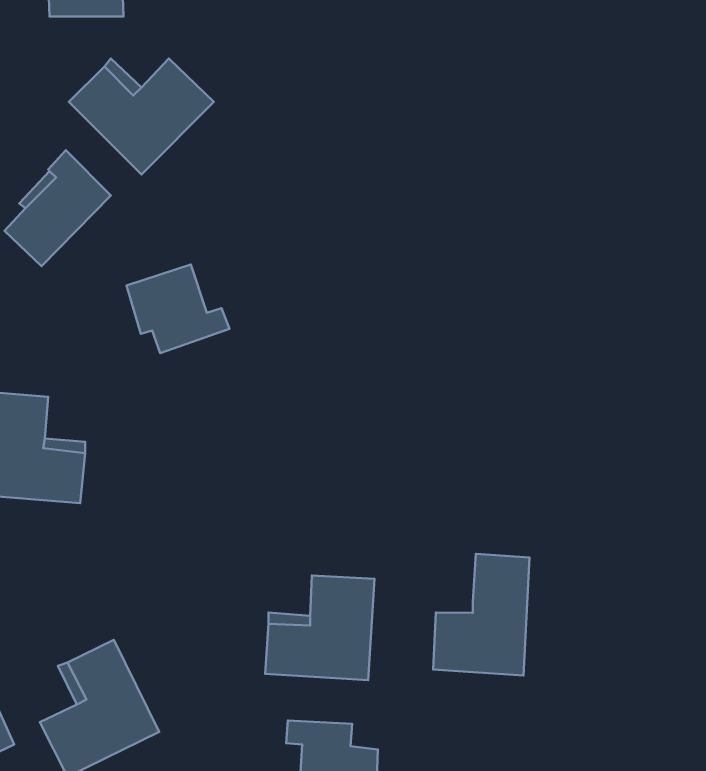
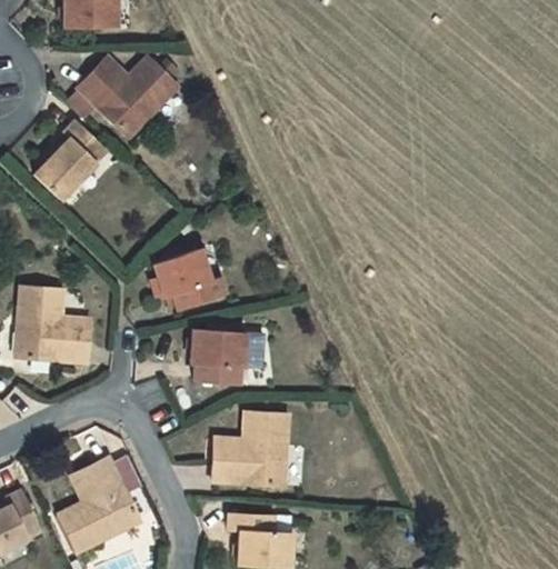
building: [126,265,229,353] -> [155,249,226,310]
building: none -> [190,329,246,385]
building: [433,554,530,675] -> none

